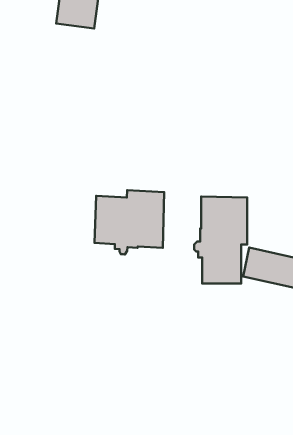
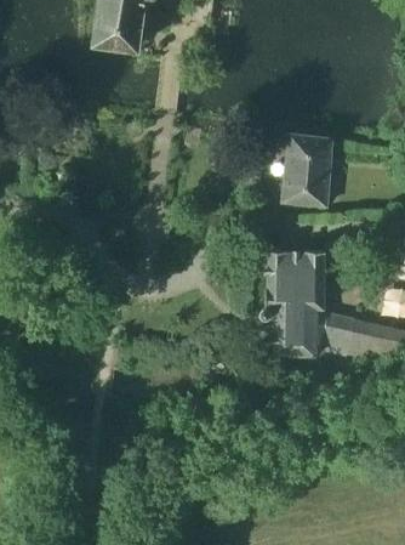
building: none -> [284,135,332,206]
building: [94,190,164,254] -> none

